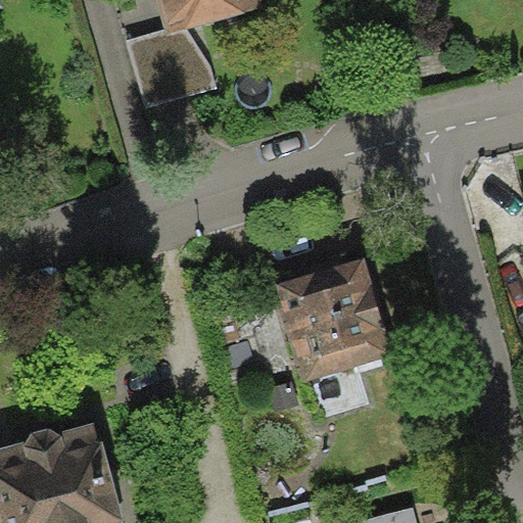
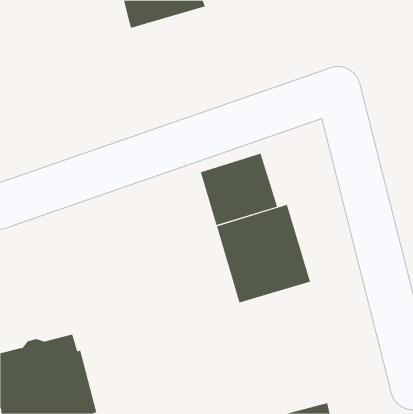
building: [128,29,216,109] -> none
building: none -> [200,153,278,226]

